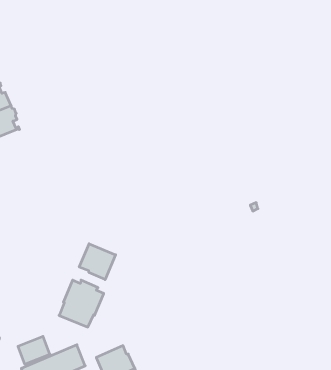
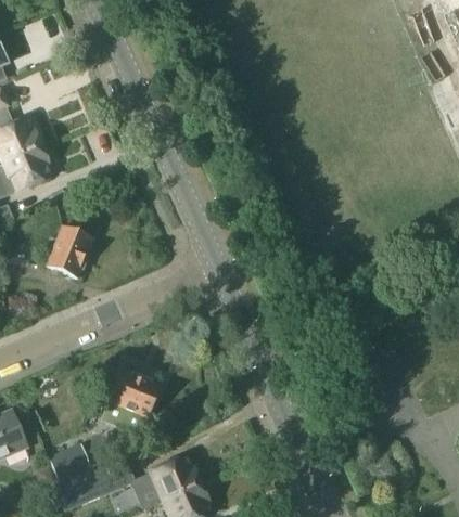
building: none -> [46,223,93,275]
building: [79,244,116,280] -> none

